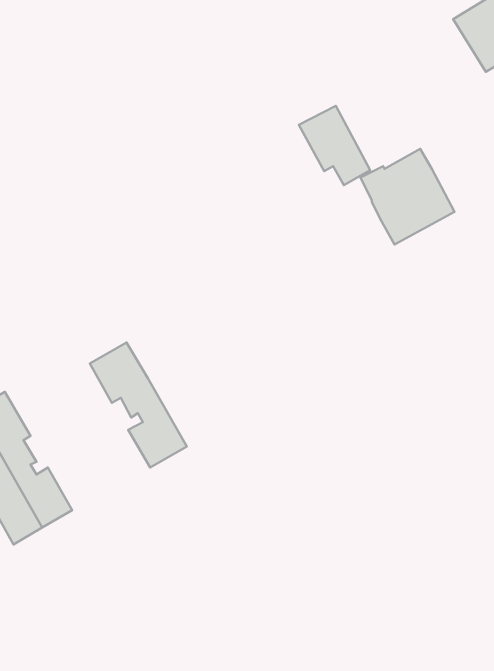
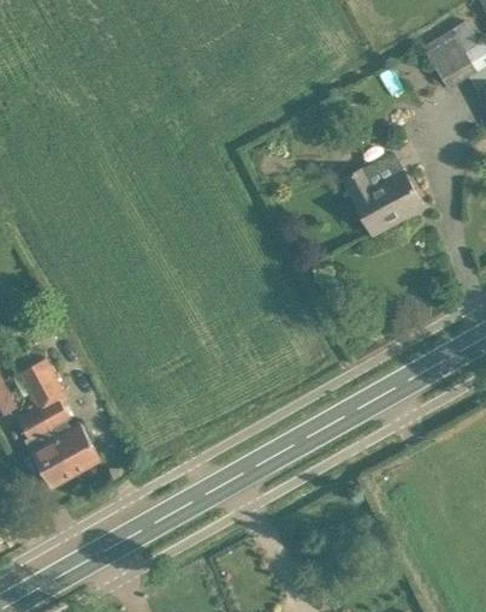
building: [299,106,370,185] -> none
building: [90,342,187,467] -> none

